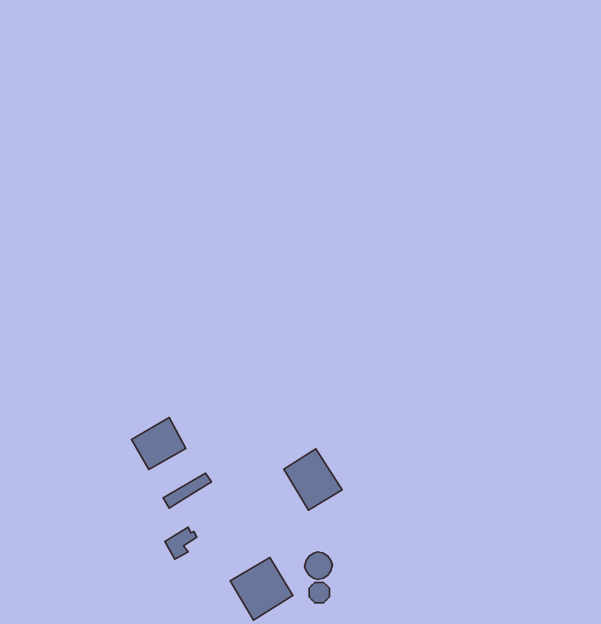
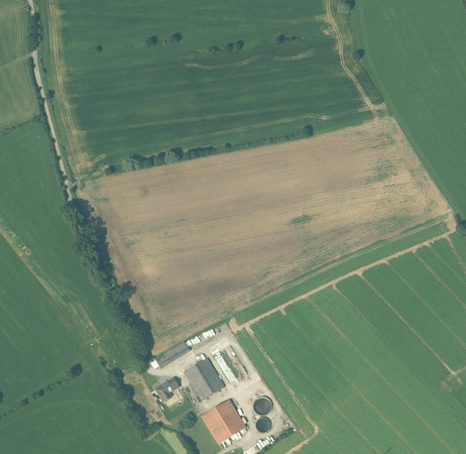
building: [131,417,186,469] -> none
building: [284,449,342,510] -> [185,357,225,400]

